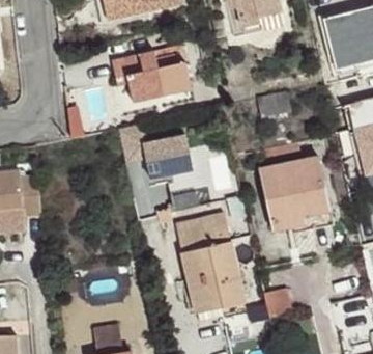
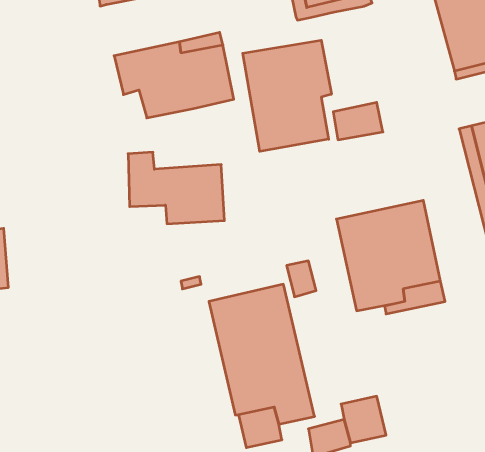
building: none -> [243,40,331,151]

